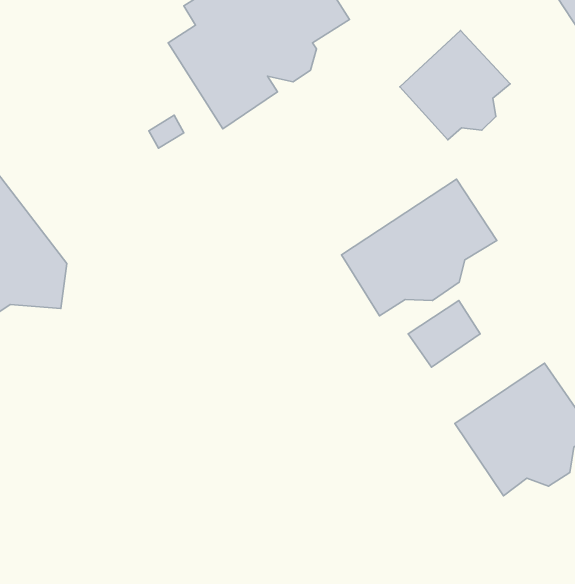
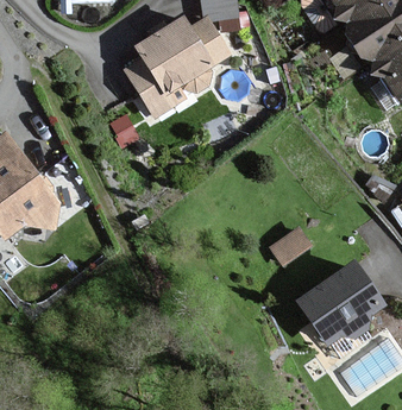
building: [400,30,510,140] -> none
building: [341,179,497,316] -> none

